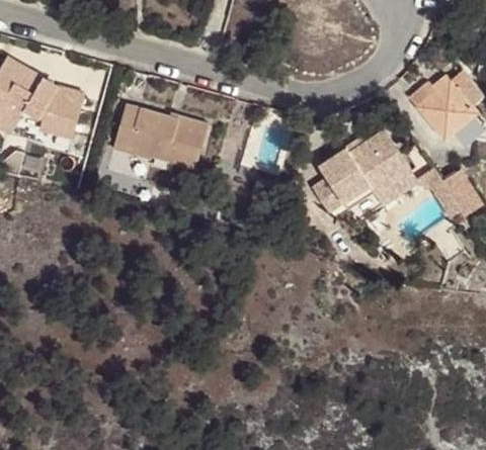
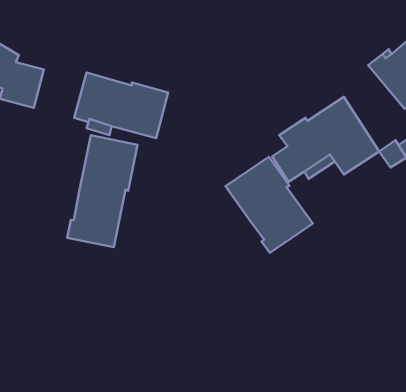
building: none -> [67,135,138,247]
building: none -> [226,157,313,253]

